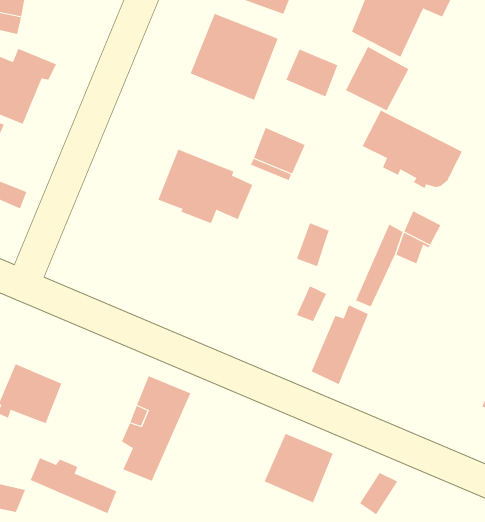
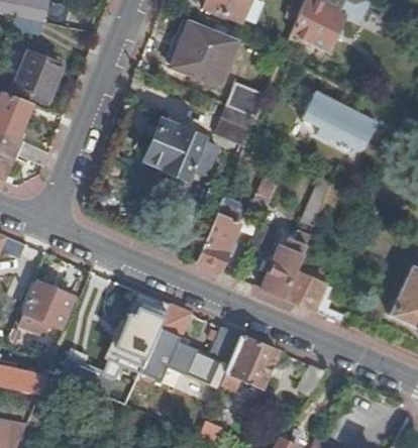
building: [345,46,409,111] -> none
building: [286,49,338,97] -> [227,82,267,118]
building: none -> [197,197,243,271]
building: none -> [283,248,327,313]
building: none -> [142,305,242,386]

